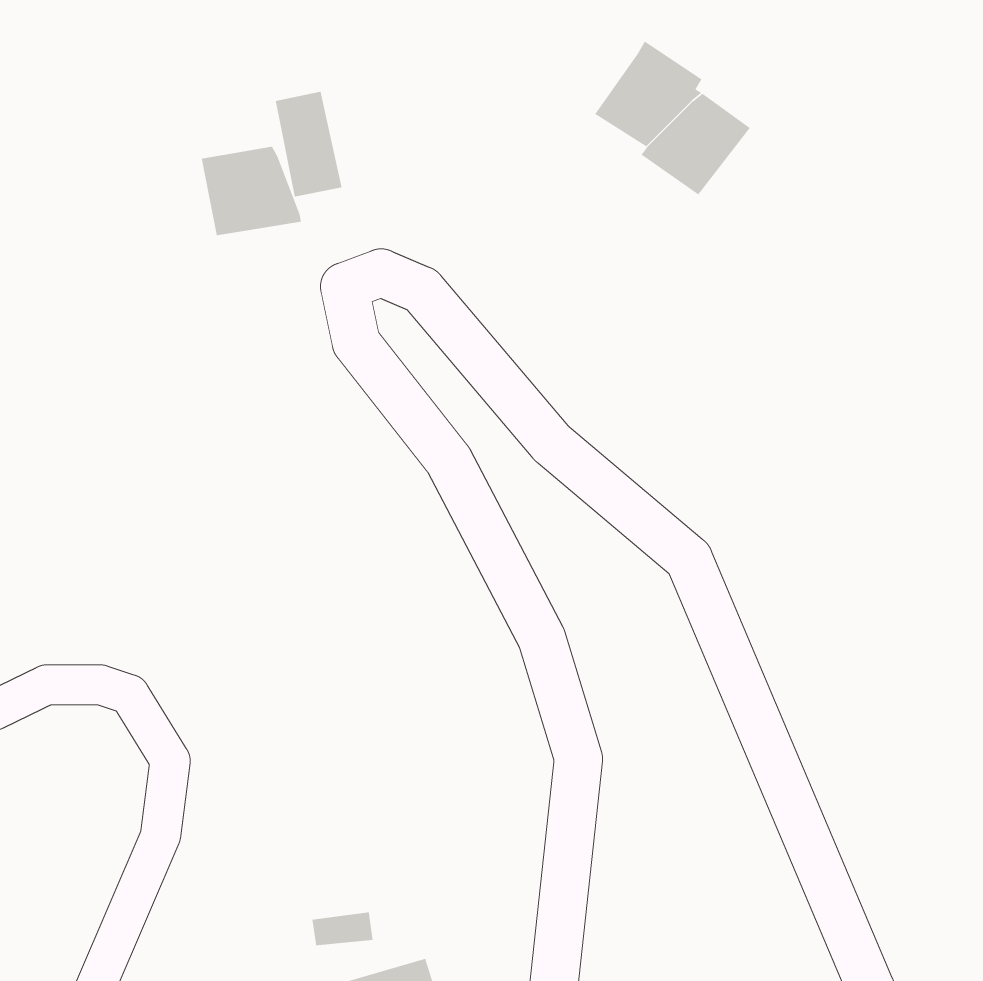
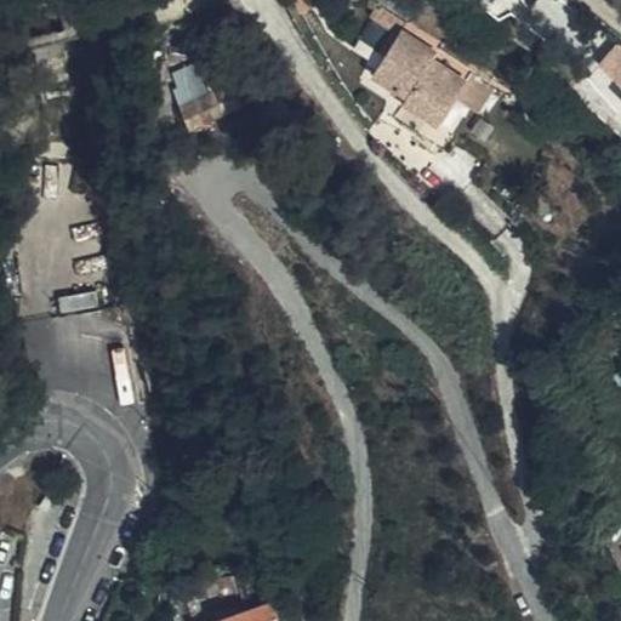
building: [201,146,302,236] -> none

